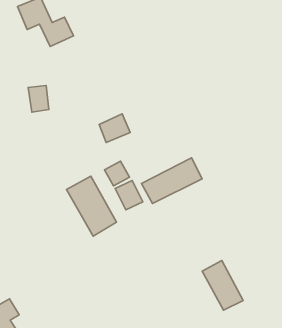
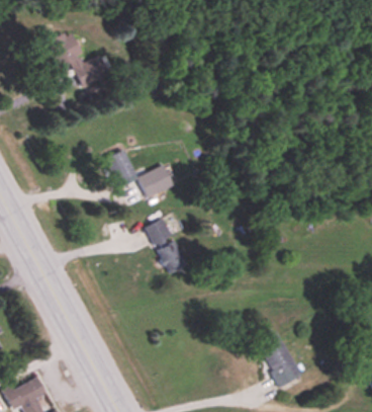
building: [28,86,49,112] -> [108,150,131,180]
building: [141,158,202,204] -> none
building: [67,176,116,236] -> none

